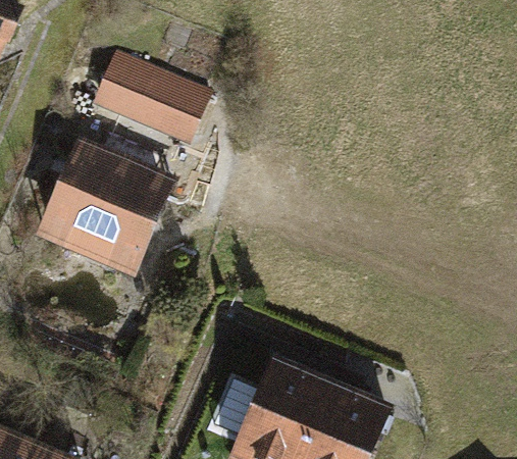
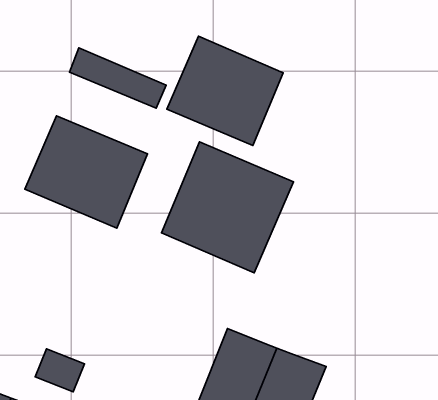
building: none -> [167,36,283,146]
building: none -> [161,142,294,273]

